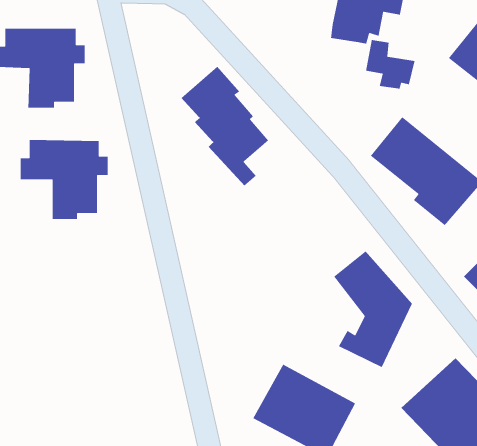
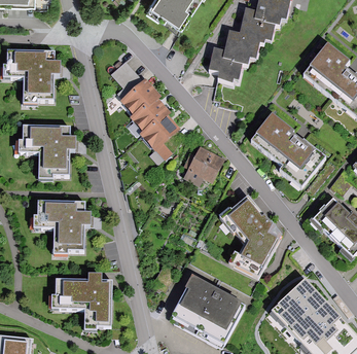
building: none -> [111,59,141,94]
building: [365,39,416,90] -> [208,48,242,82]
building: none -> [183,145,224,185]
building: none -> [30,203,90,257]
building: none -> [47,275,110,330]

